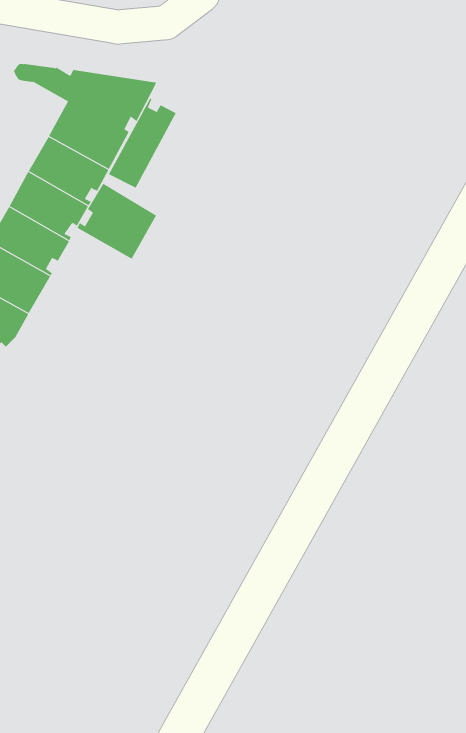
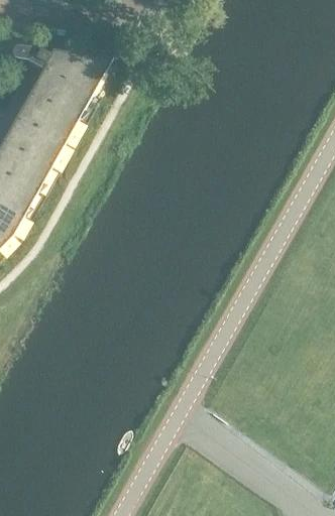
building: [108,98,177,189] -> none
building: [77,183,157,260] -> none

